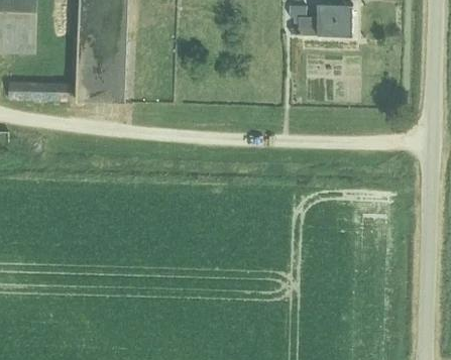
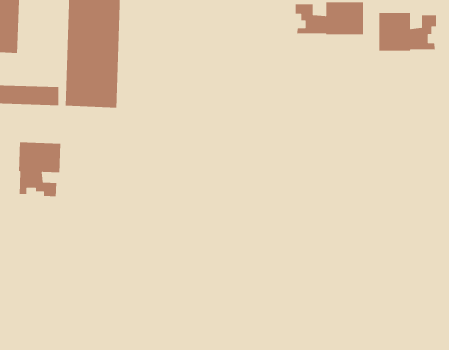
building: none -> [378,12,437,51]
building: none -> [18,142,61,197]

